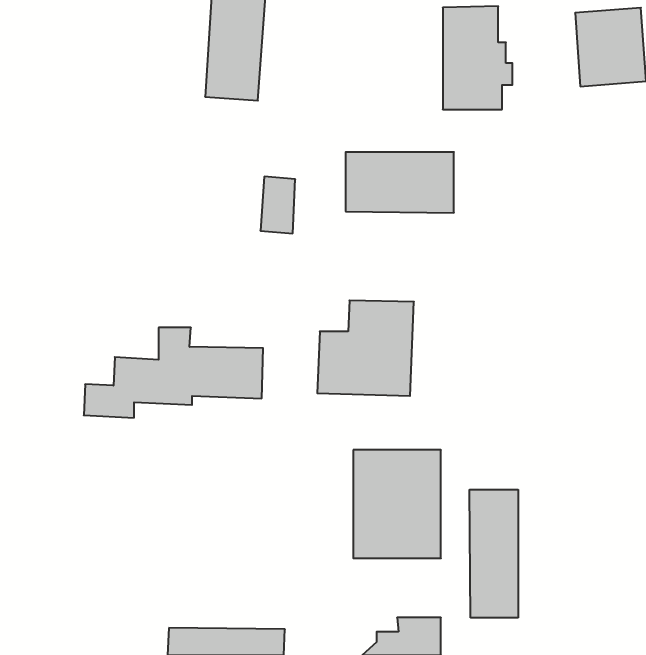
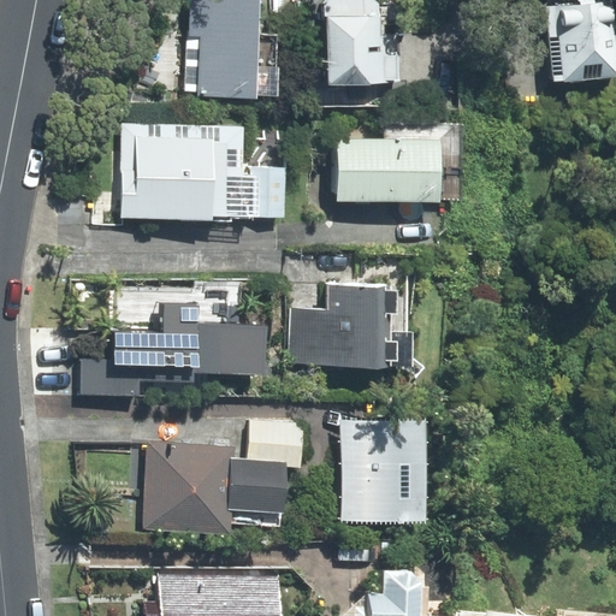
building: [443,6,512,109] -> [326,5,391,101]
building: none -> [132,135,230,217]
building: none -> [146,417,304,534]
building: [470,490,518,618] -> none

